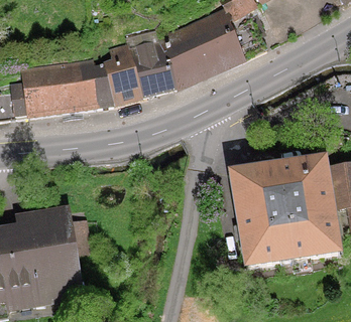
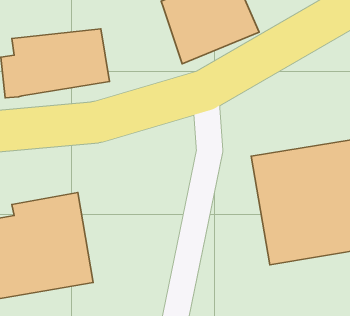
building: [97,38,171,106] -> none

